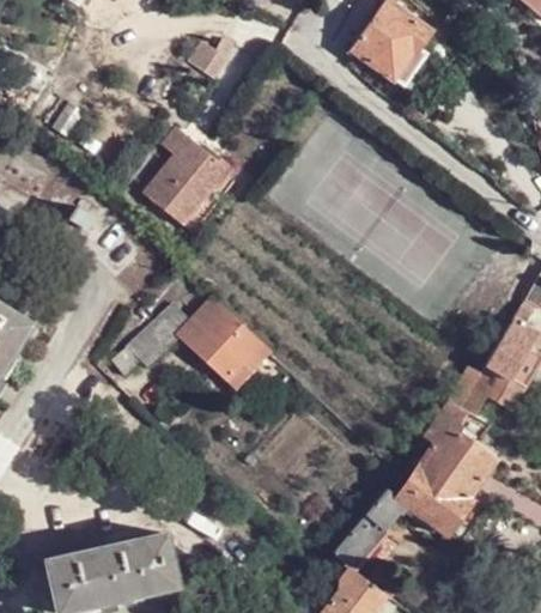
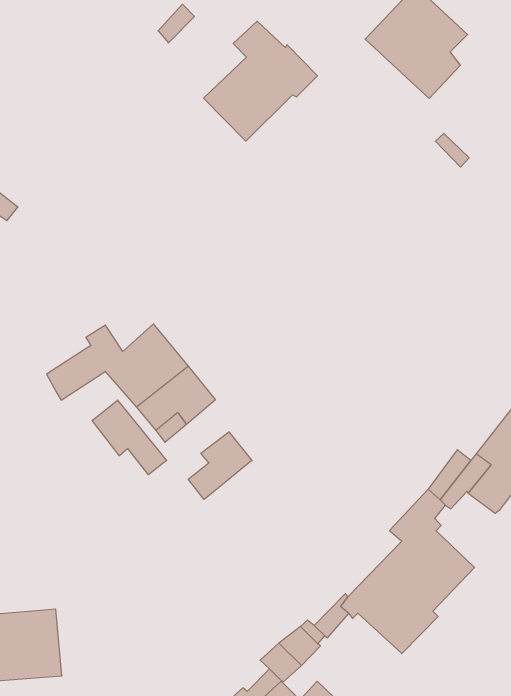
building: [141,129,230,226] -> [204,21,317,141]
building: none -> [92,400,167,475]
building: none -> [188,432,252,499]

